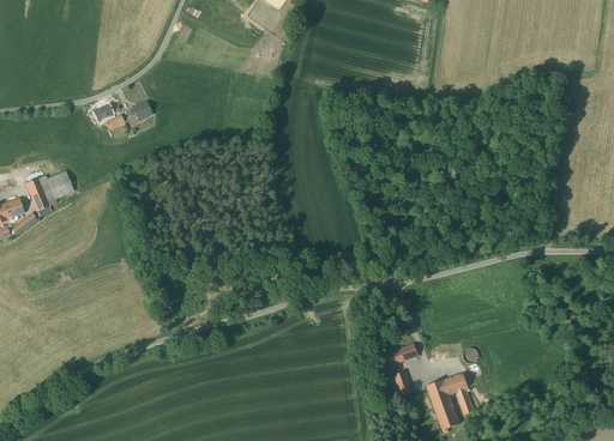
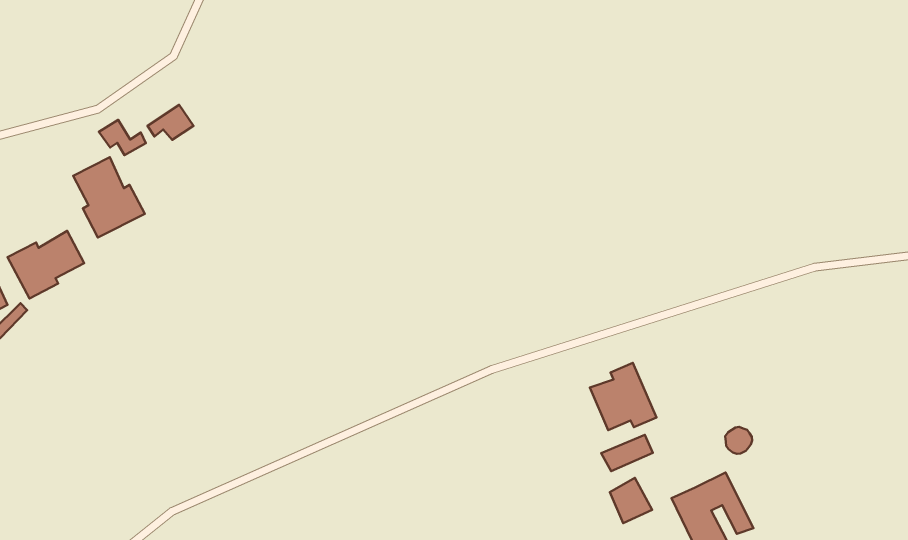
building: none -> [73,157,145,238]
building: none -> [590,363,656,430]

